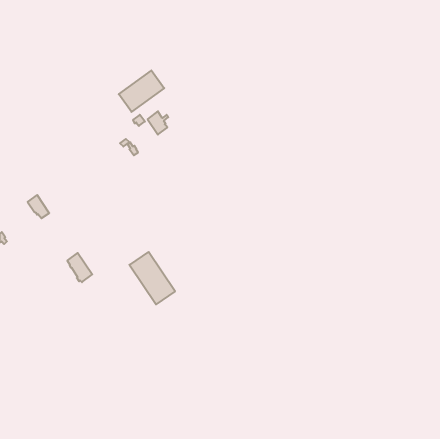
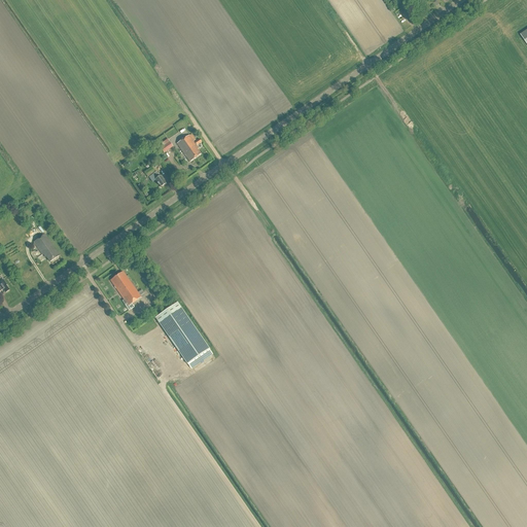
building: [119,70,164,112] -> none
building: [67,253,92,282] -> [110,270,140,305]

